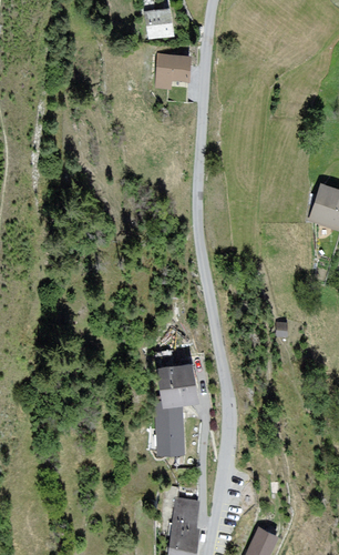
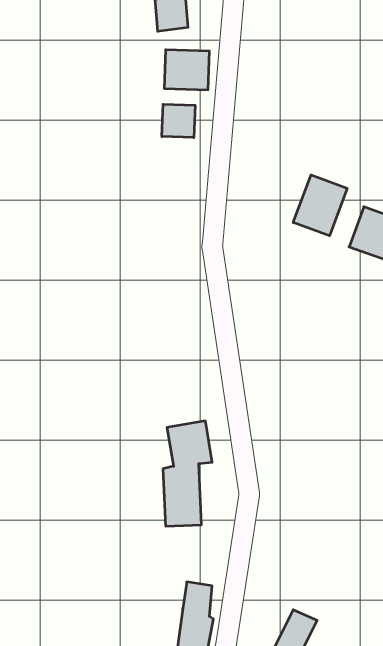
building: none -> [162,104,195,138]
building: none -> [293,175,347,236]

